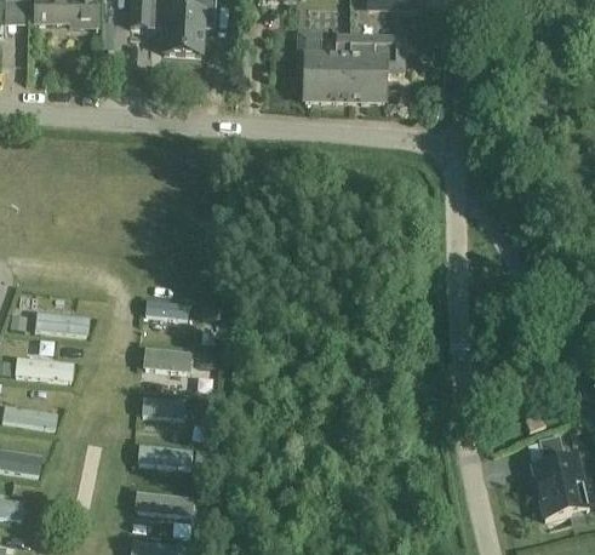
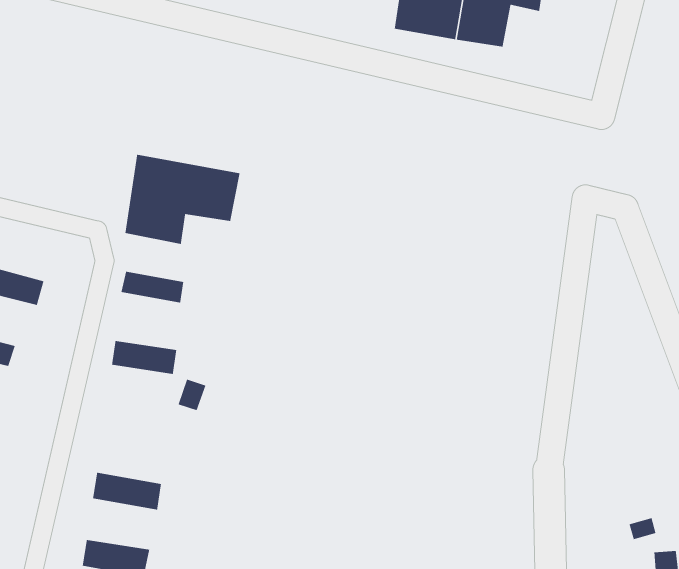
building: none -> [124,154,240,245]
building: [143,396,182,416] -> none

